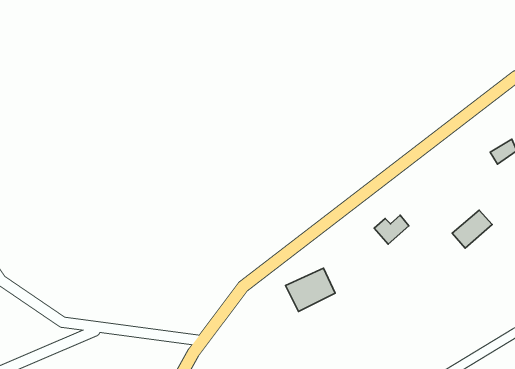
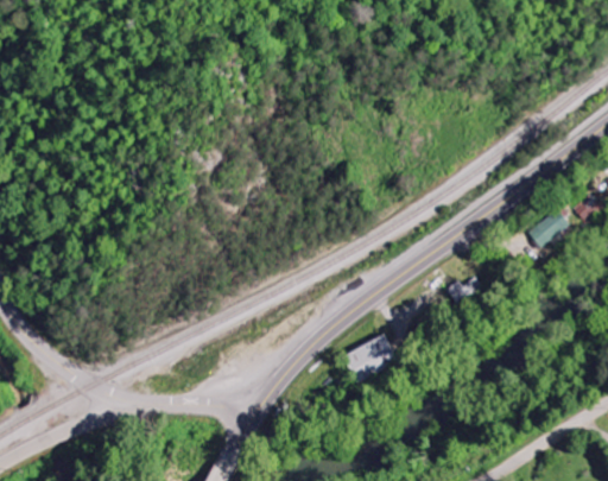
building: [452,210,492,248] -> [527,207,571,248]

